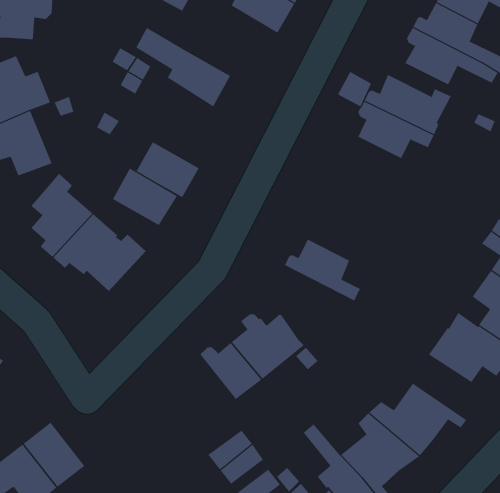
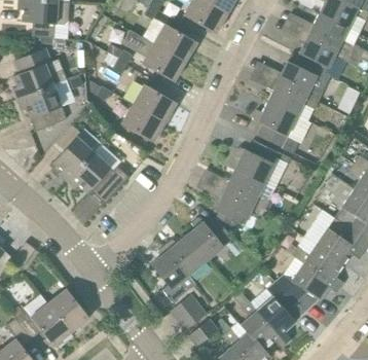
building: none -> [154,24,197,62]
building: none -> [253,102,298,152]
building: [112,168,178,226] -> [134,84,177,122]
building: none -> [234,141,279,183]
building: none -> [215,186,266,236]
building: none -> [151,245,195,302]
building: none -> [292,245,344,288]

